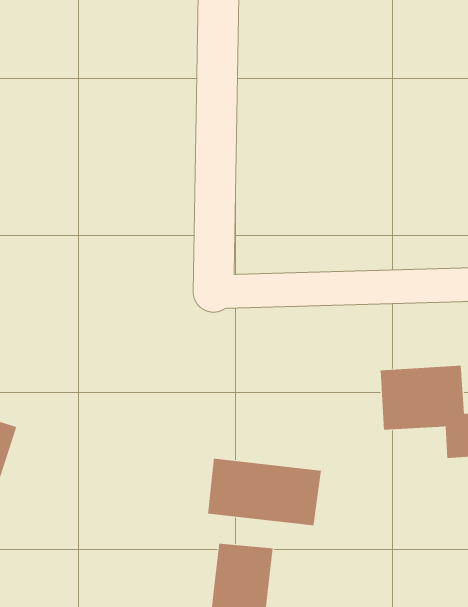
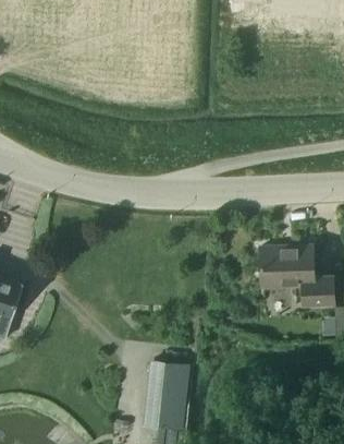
building: [208,458,322,526] -> none

